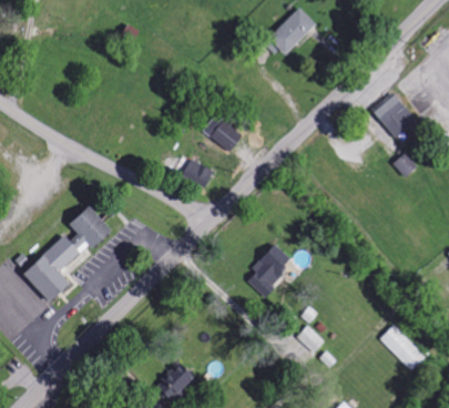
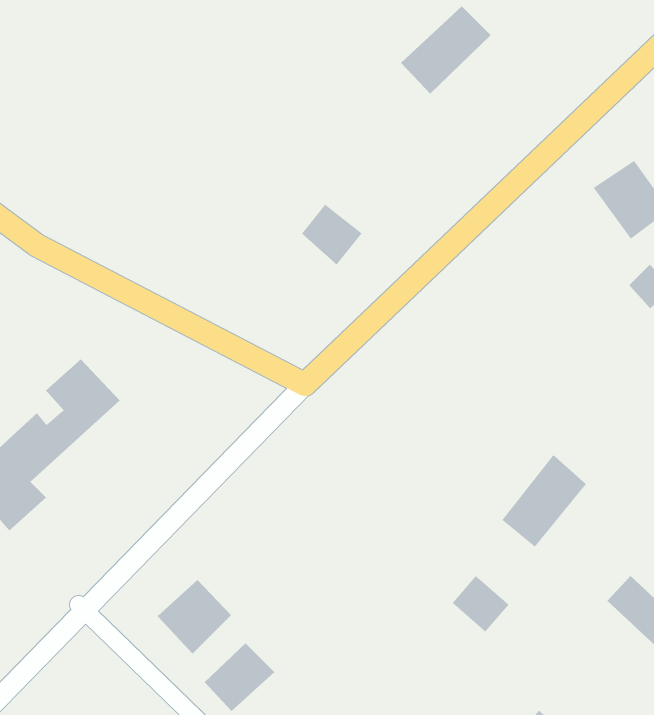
building: [182,159,213,186] -> none
building: [245,243,293,295] -> [502,454,587,548]
building: none -> [157,579,232,655]

